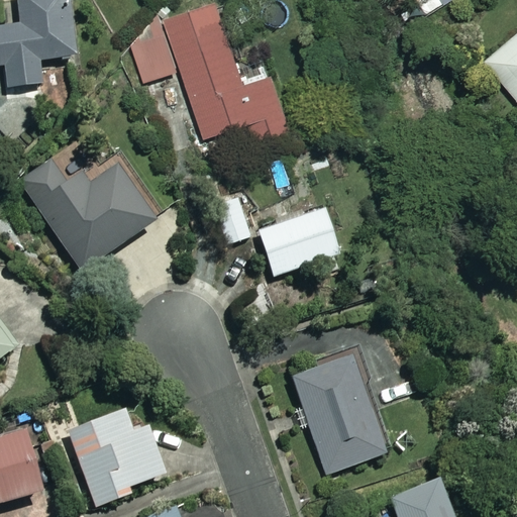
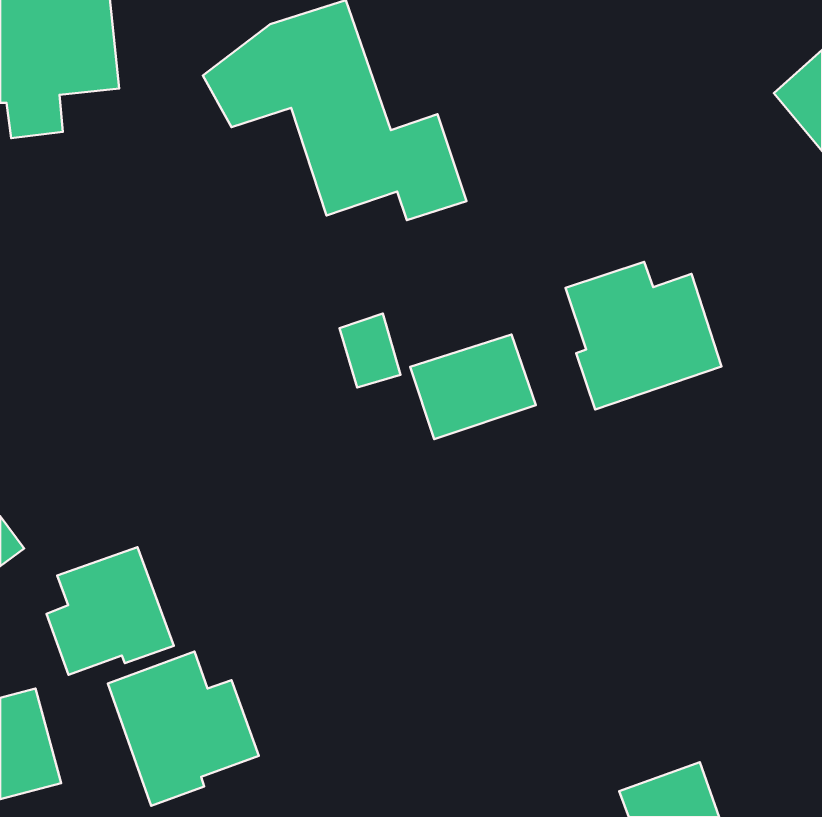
building: [20,160,153,270] -> none
building: none -> [566,262,722,410]
building: none -> [46,547,174,675]
building: [290,350,390,474] -> none

